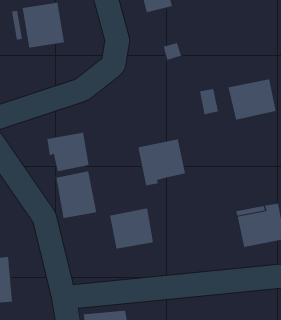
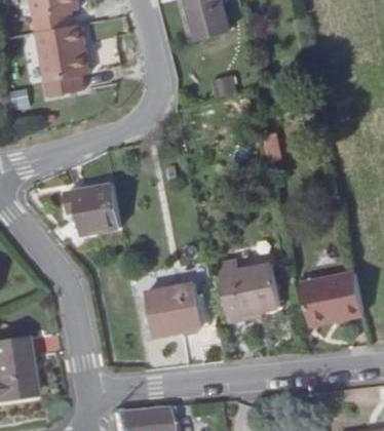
building: [228,78,276,120] -> none
building: [137,139,186,186] -> [219,263,279,321]
building: [56,171,97,219] -> none

